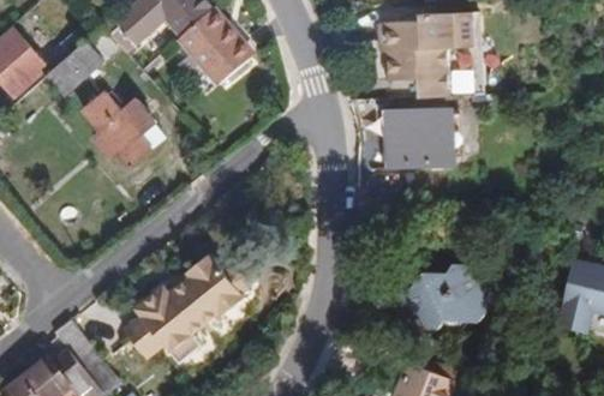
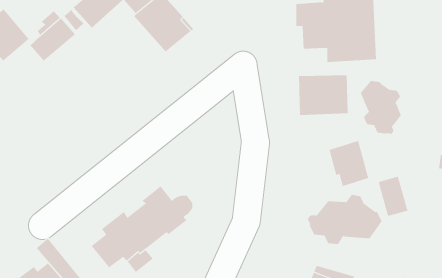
building: [82,92,154,168] -> none
building: none -> [360,80,401,135]
building: none -> [329,140,369,187]
building: none -> [378,176,408,217]

